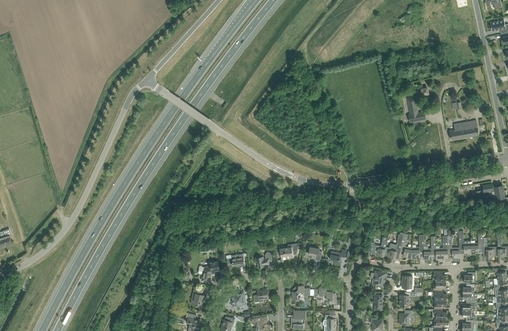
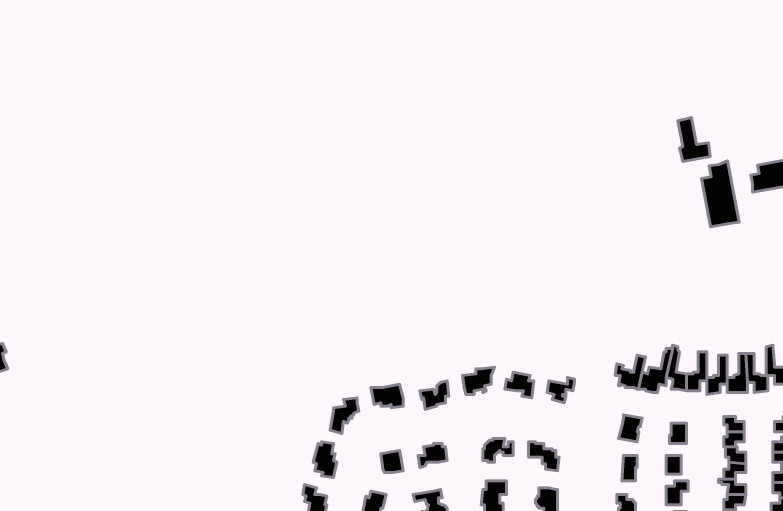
building: none -> [702,161,739,227]

